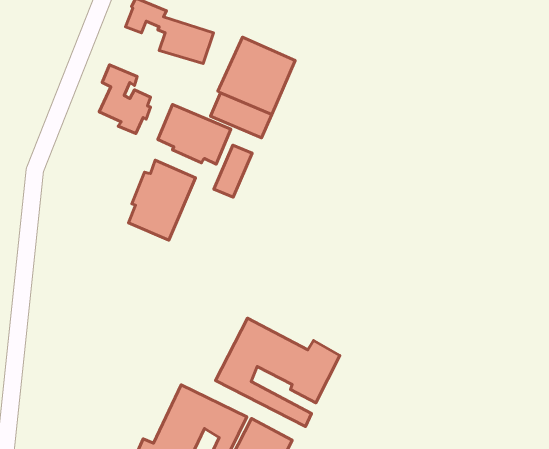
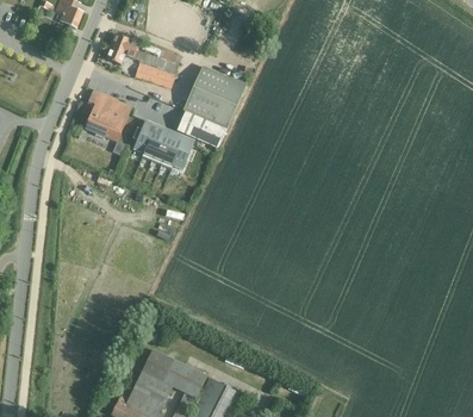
building: [214,145,252,197] -> none
building: [128,160,196,240] -> none
building: [215,318,340,427] -> none

